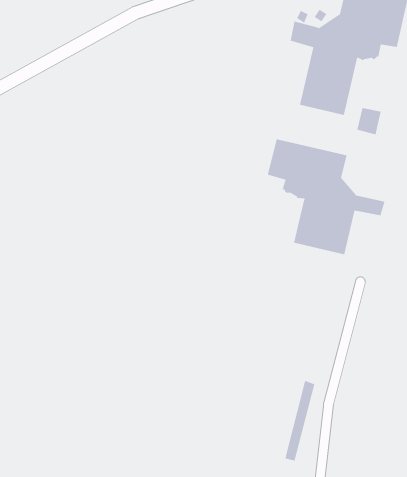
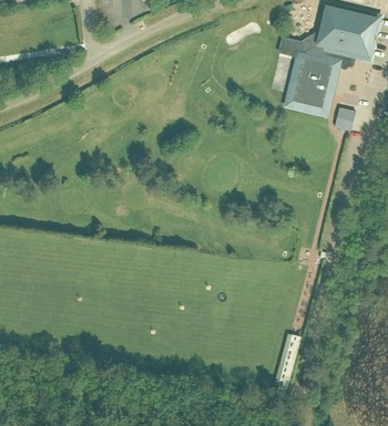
building: [267,138,385,255] -> none

